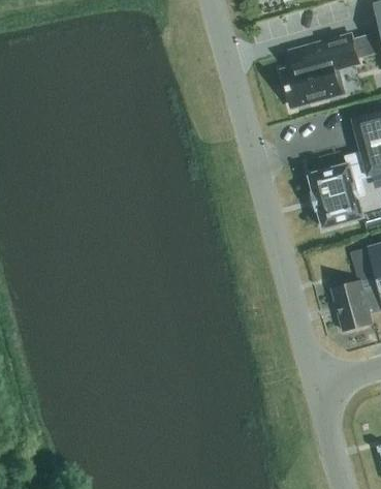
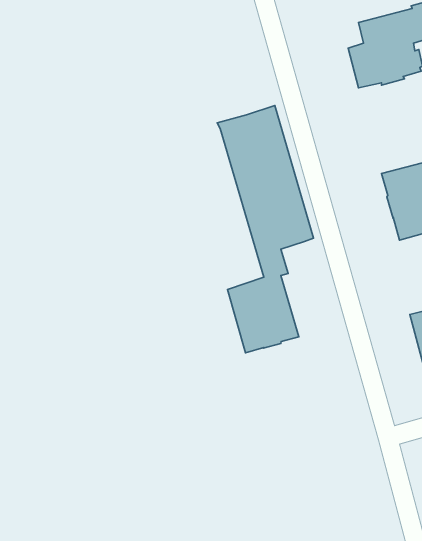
building: none -> [217,105,314,353]

